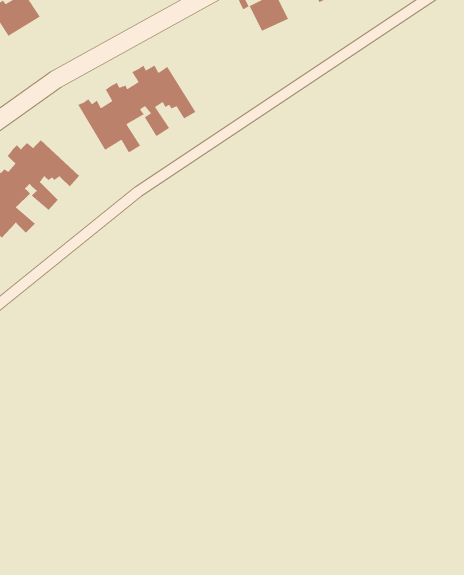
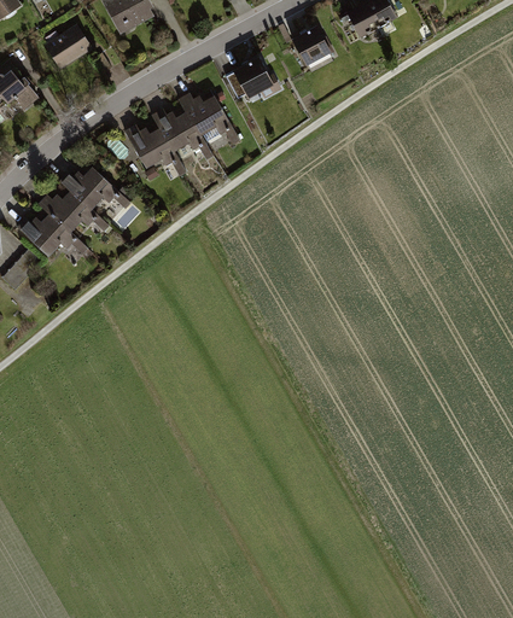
building: none -> [226,53,280,98]

